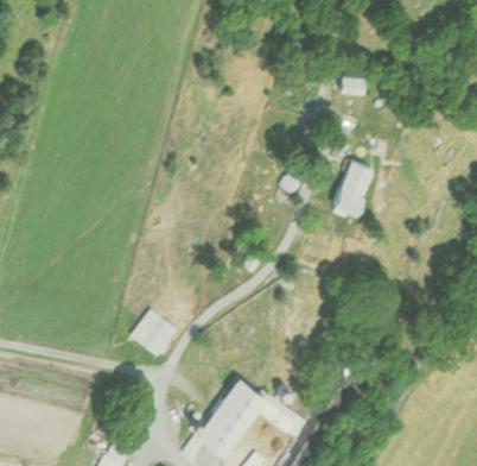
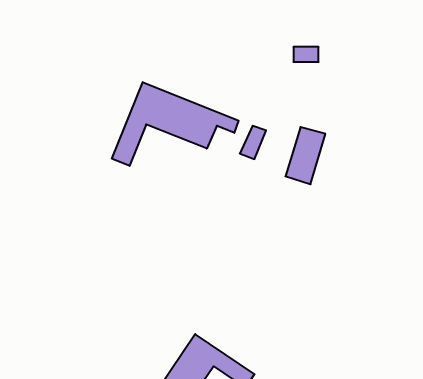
building: none -> [112,82,239,166]
building: [133,310,182,358] -> none

